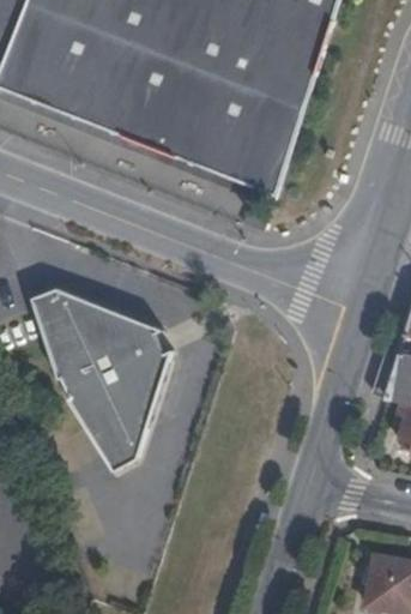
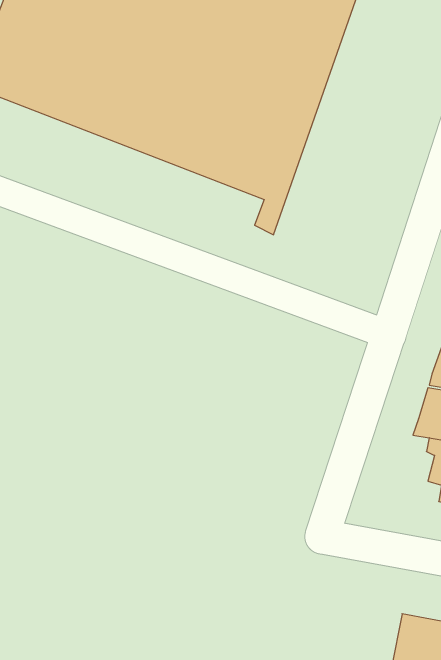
building: [26,287,170,472] -> none

